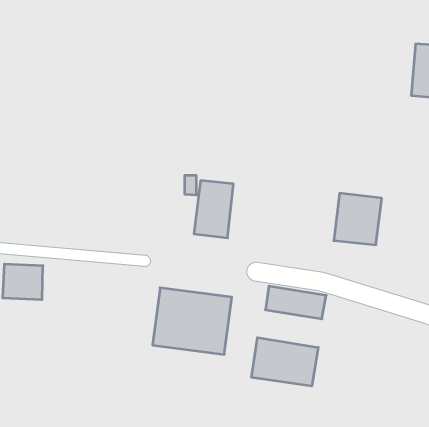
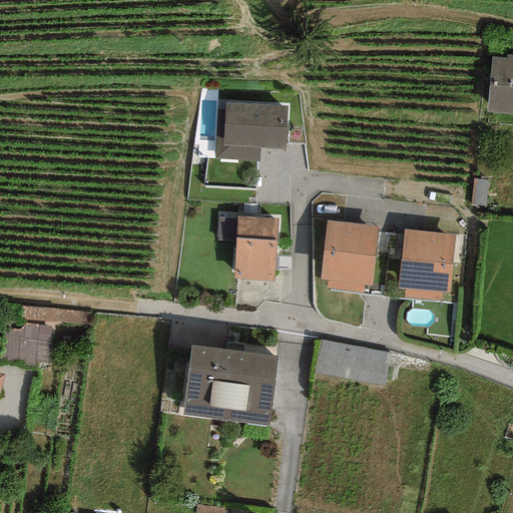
building: none -> [211,102,286,161]
building: none -> [324,221,377,282]
building: [252,338,318,386] -> none

